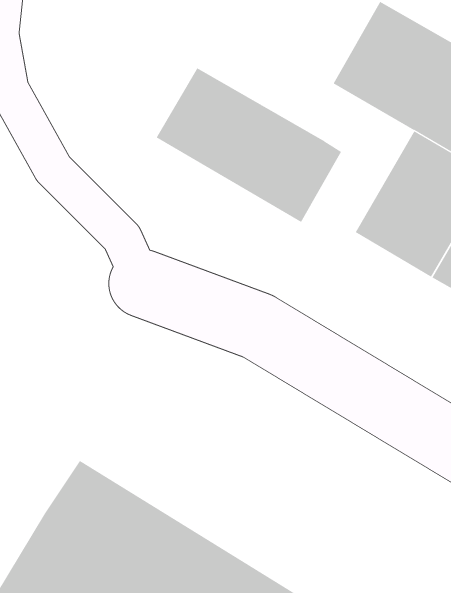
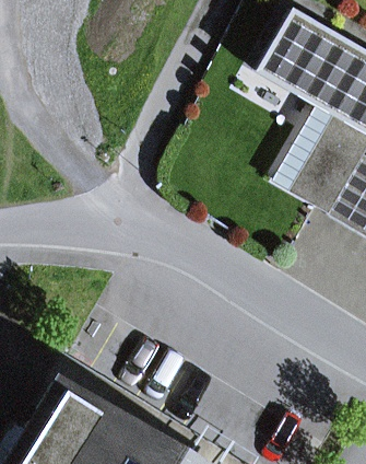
building: [156,68,342,223] -> none

